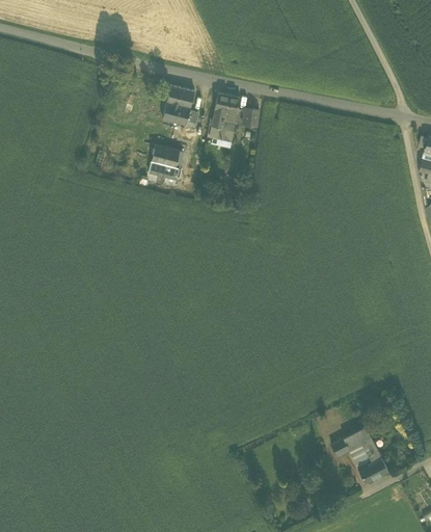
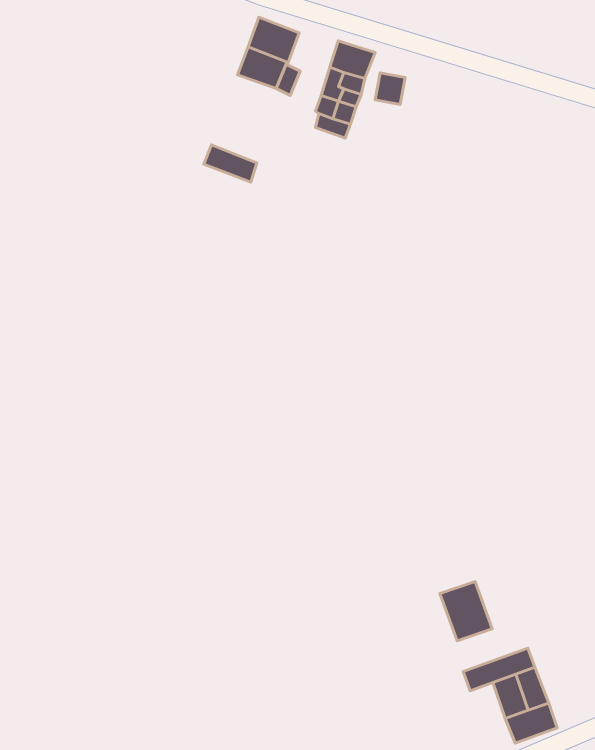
building: [153,144,180,166] -> none
building: none -> [440,582,492,641]

